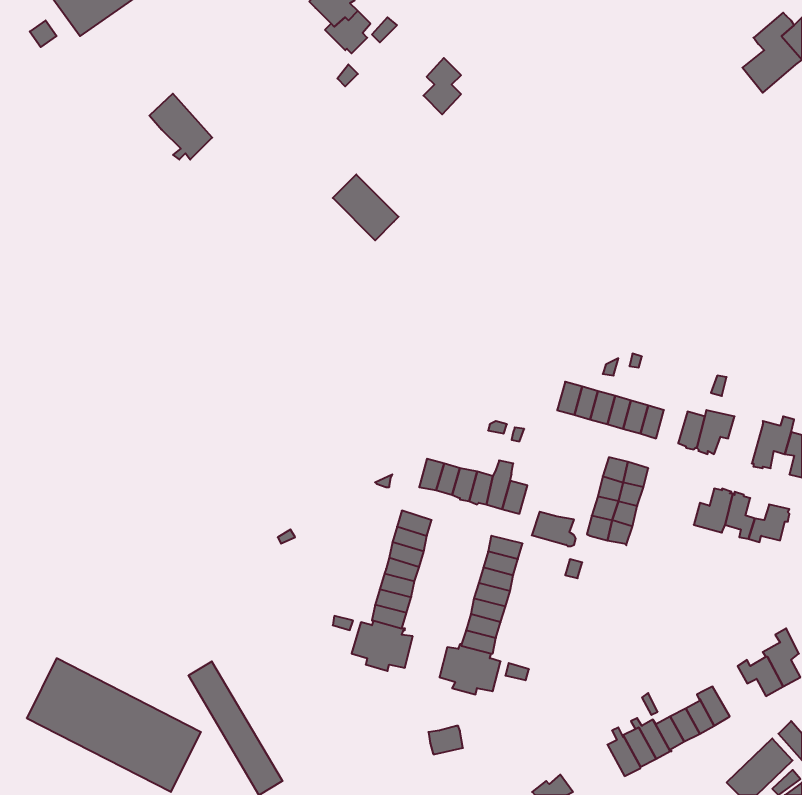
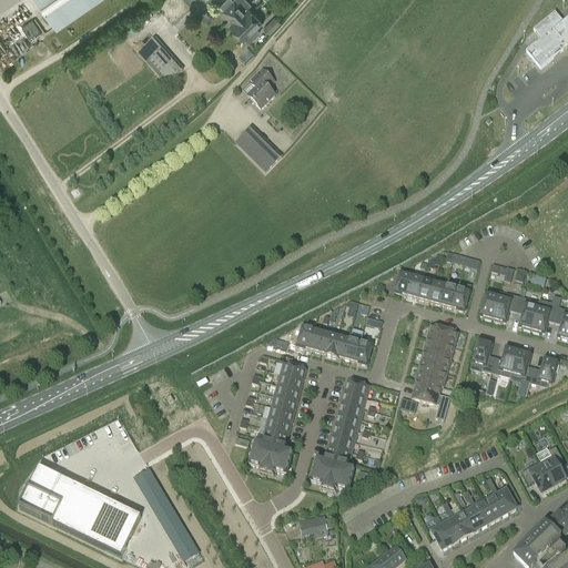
building: [423,58,461,114] -> [247,67,274,106]
building: [149,94,212,160] -> [138,36,182,82]
building: none -> [515,294,539,328]
building: none -> [471,337,495,371]
building: [532,512,576,546] -> [412,378,443,403]

